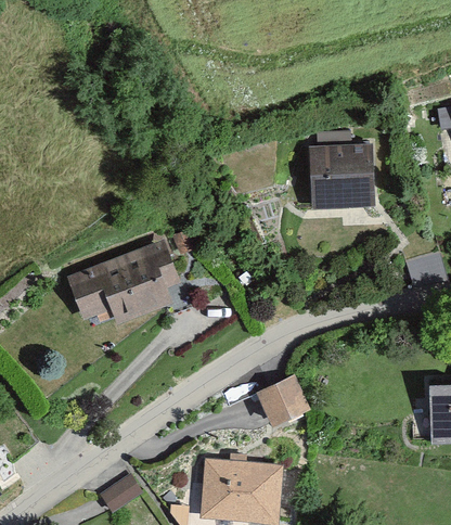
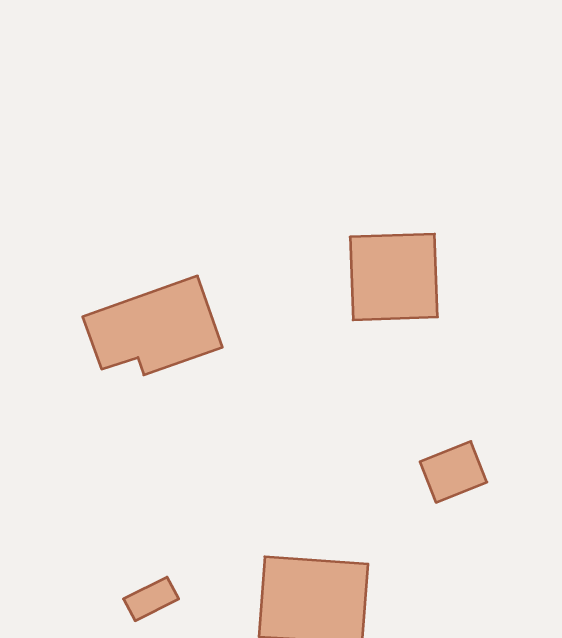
building: [309,143,374,207] -> [350,234,438,320]
building: [259,377,309,423] -> [420,441,487,502]

